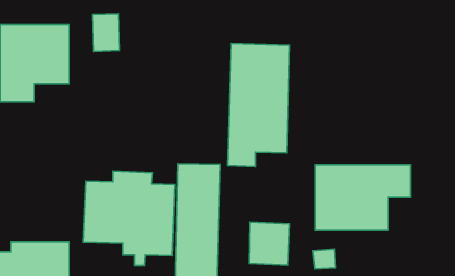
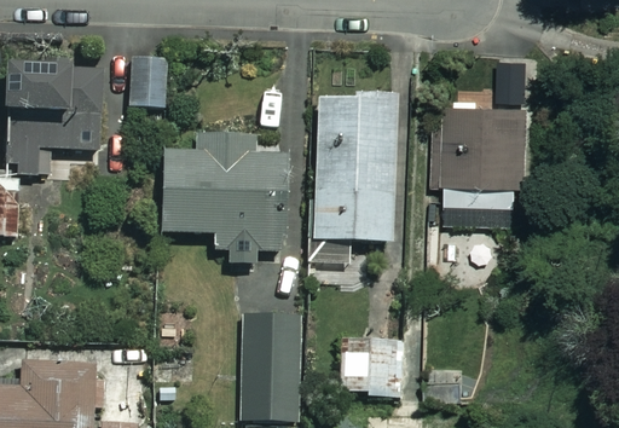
building: none -> [434,105,527,202]
building: [315,165,410,230] -> none
building: [83,171,175,265] -> [160,135,283,262]

